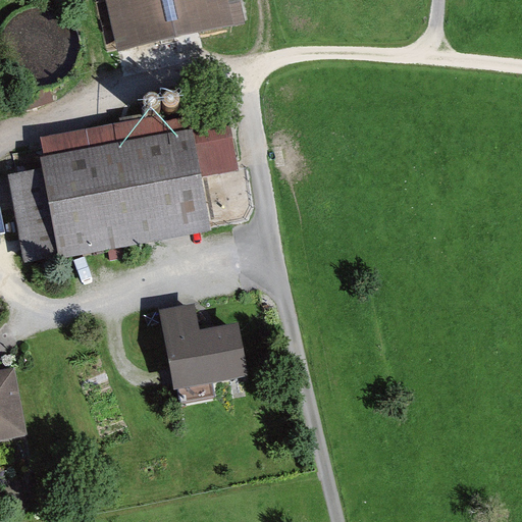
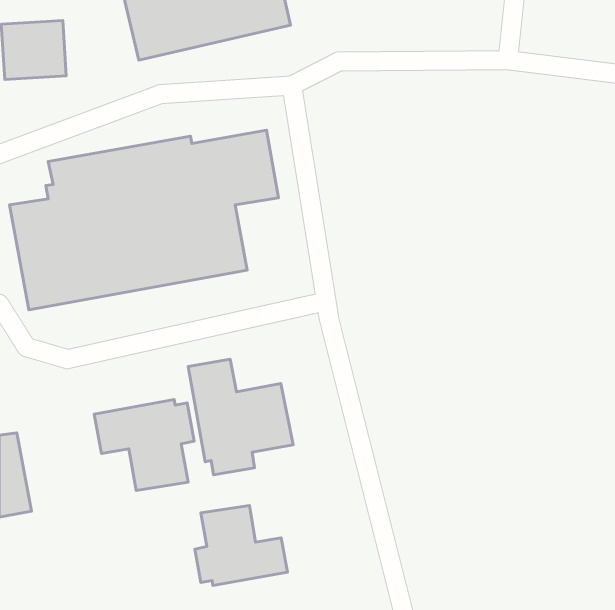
building: none -> [94,400,194,491]
building: none -> [195,505,287,585]

